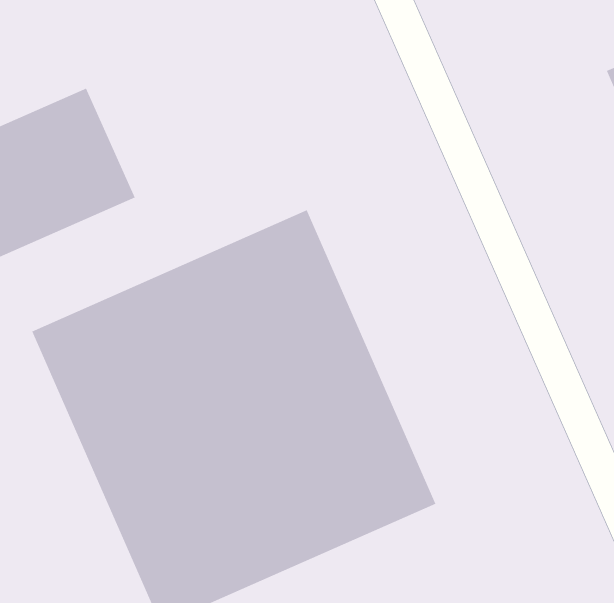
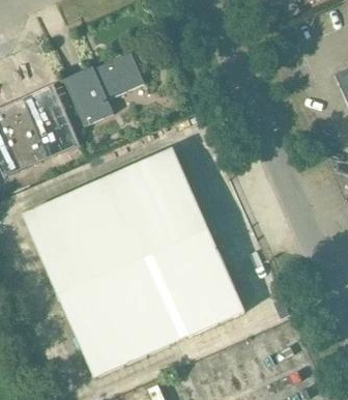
building: none -> [64,52,144,125]

